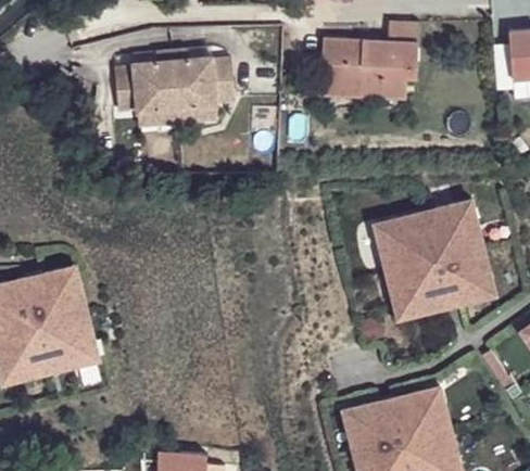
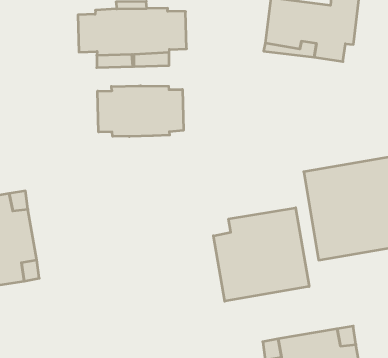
building: none -> [98,86,183,137]
building: none -> [213,208,309,301]

